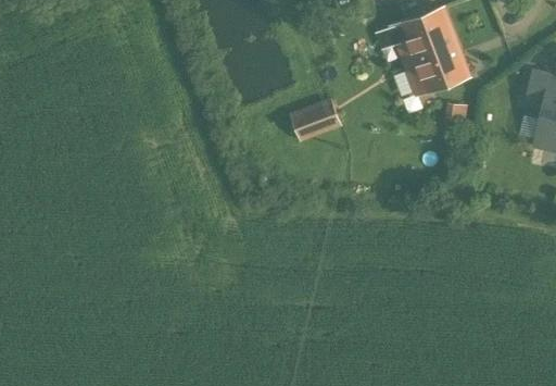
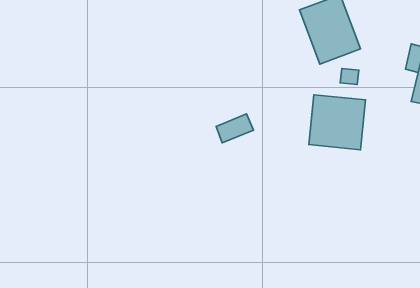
building: [293,100,341,137] -> [216,114,253,143]
building: none -> [309,95,365,150]

